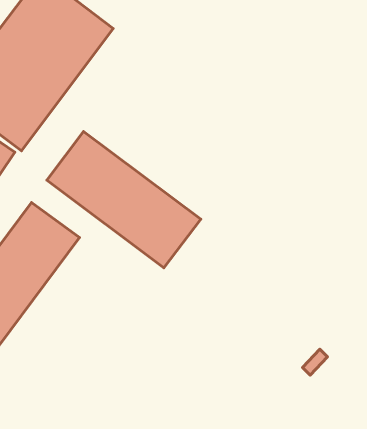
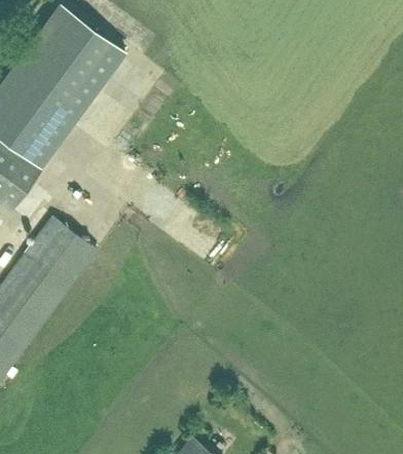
building: [47,132,201,268] -> none

